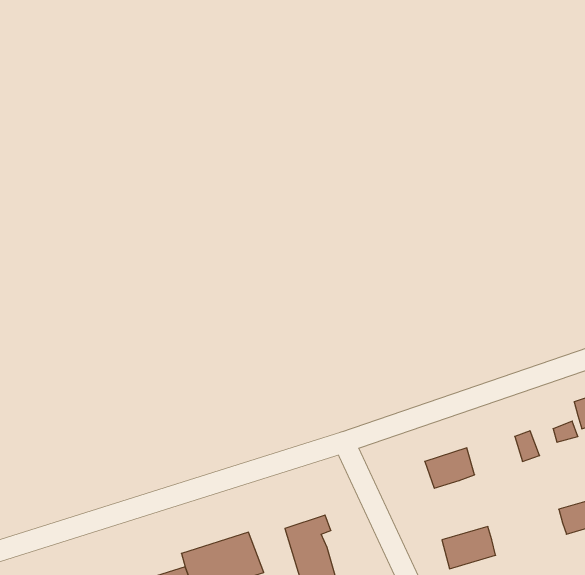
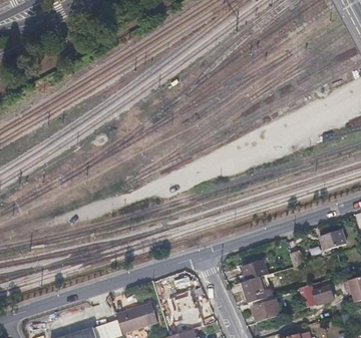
building: none -> [242,276,268,302]

